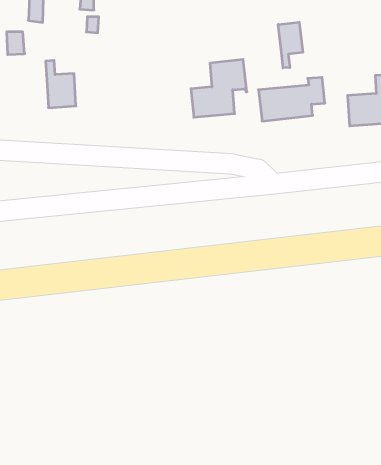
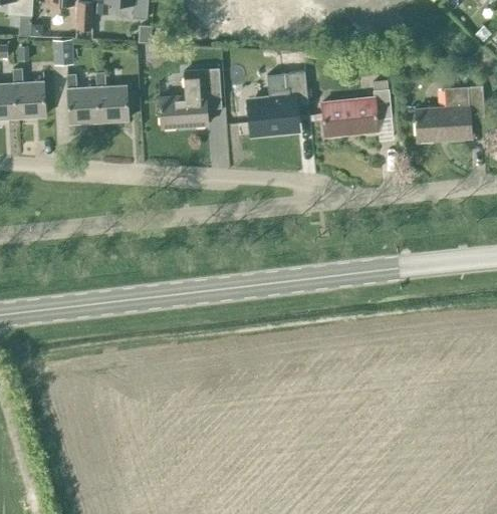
building: [278,22,303,68] -> none
building: none -> [159,69,220,127]
building: none -> [66,74,98,123]

